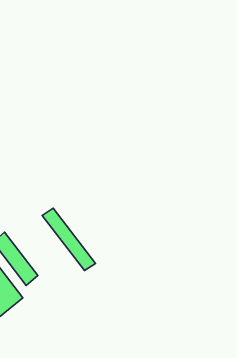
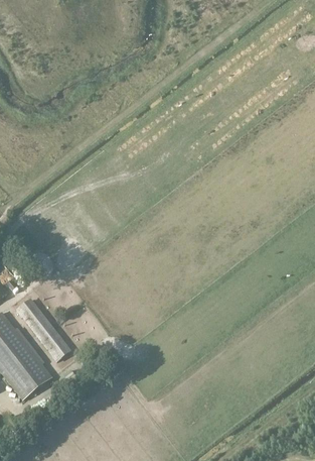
building: [42,208,96,271] -> none

